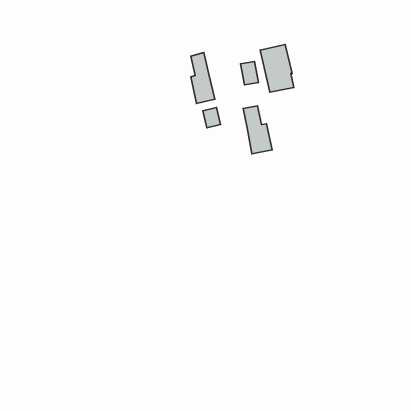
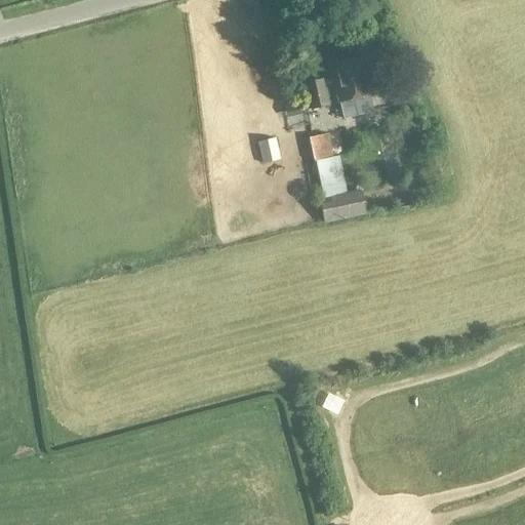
building: [191,53,215,104] -> none
building: none -> [321,188,369,223]

